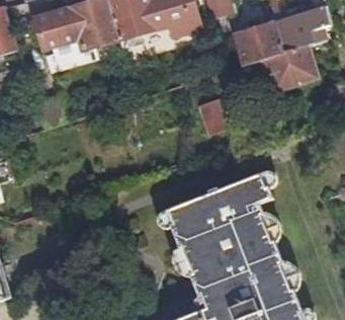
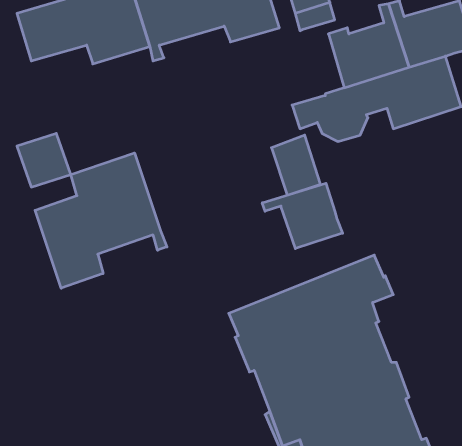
building: none -> [35,153,167,288]
building: none -> [262,183,343,249]

